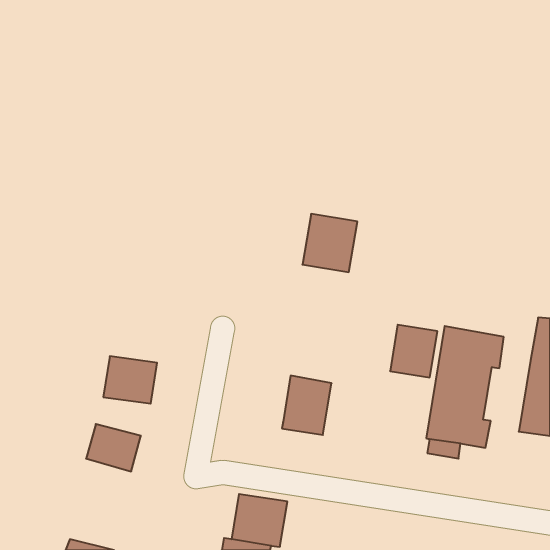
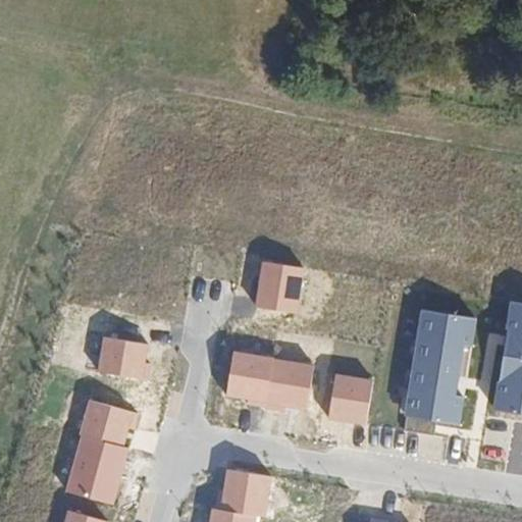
building: [302,214,357,272] -> [255,261,307,316]
building: [390,325,437,377] -> [329,373,374,423]
building: none -> [226,350,275,400]
building: none -> [66,434,124,505]

